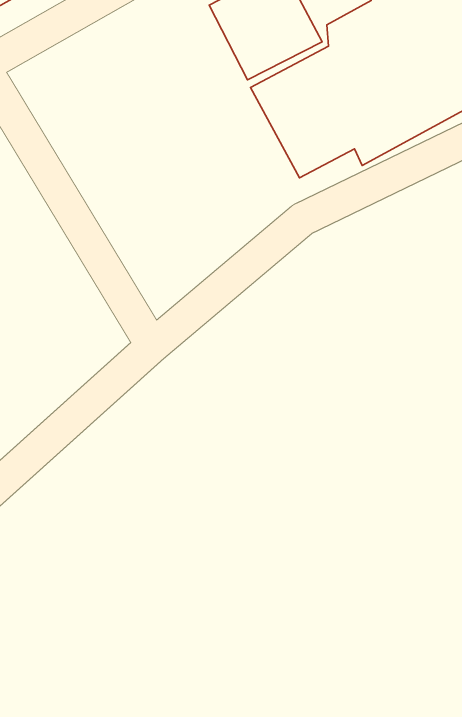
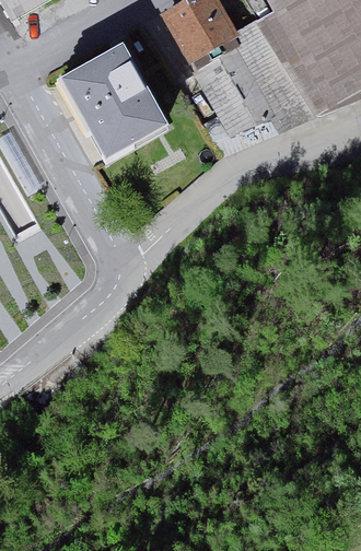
building: none -> [66,47,170,161]

